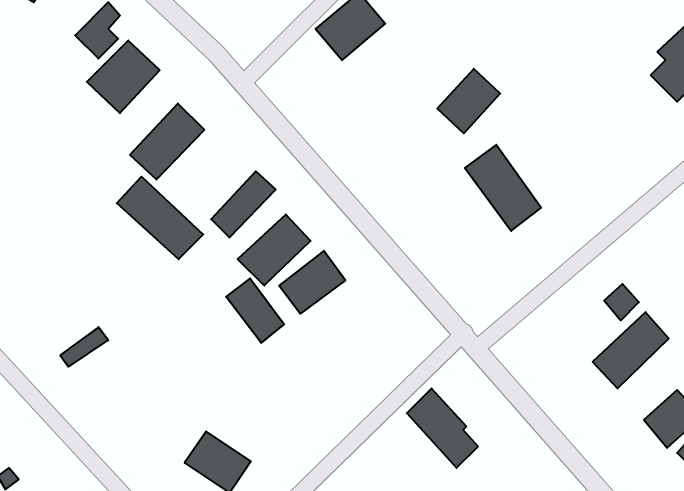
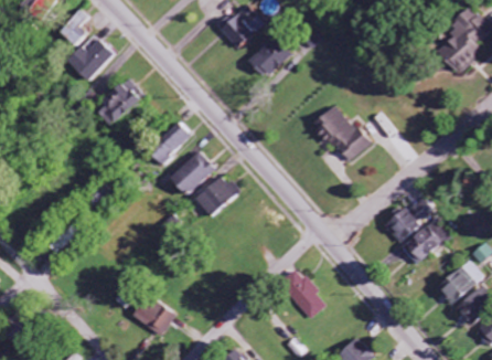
building: [437,69,500,133] -> [248,36,290,80]
building: [117,177,203,259] -> none
building: [226,278,284,343] -> none
building: none -> [382,205,419,243]

